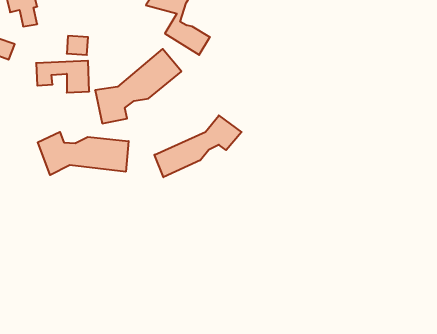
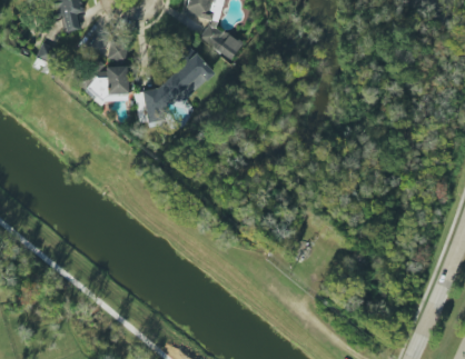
building: [154,115,242,177] -> none
building: [38,132,129,175] -> none

